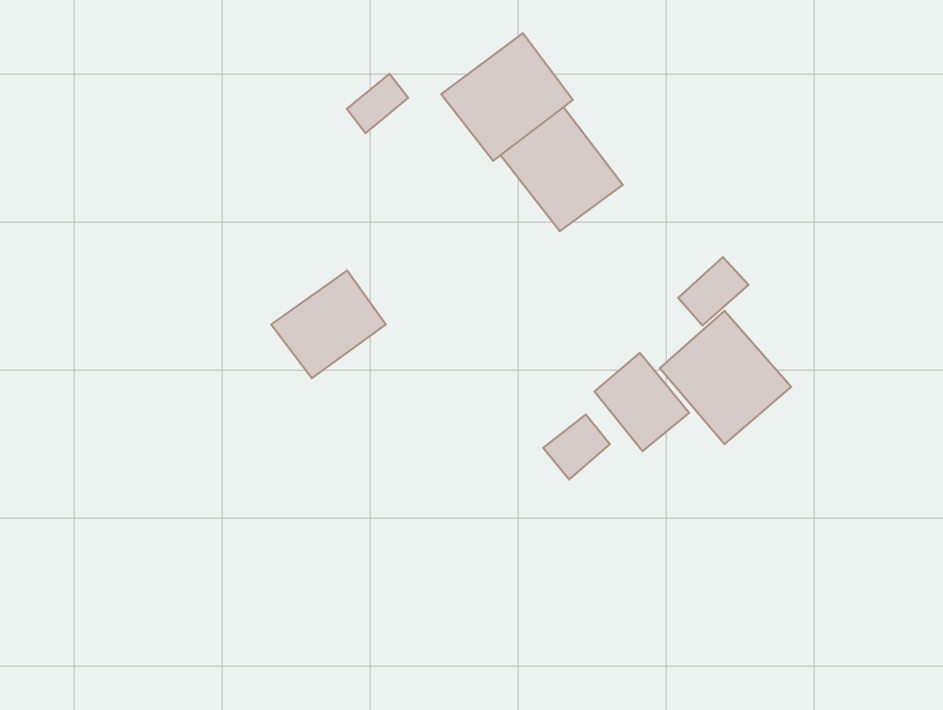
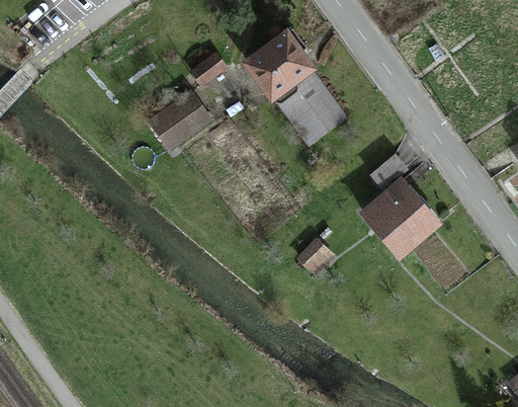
building: [271,271,386,378] -> [147,92,209,151]
building: [594,353,689,451] -> none

